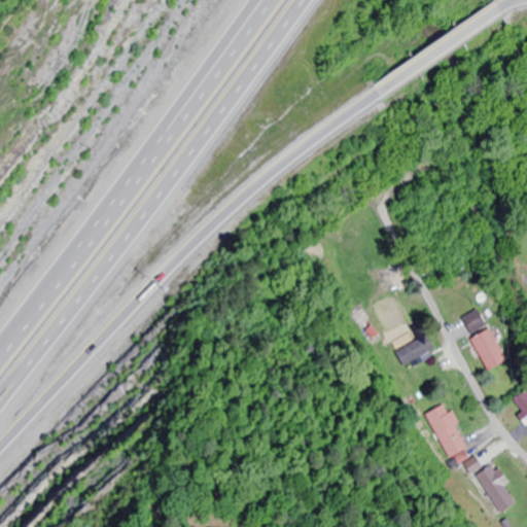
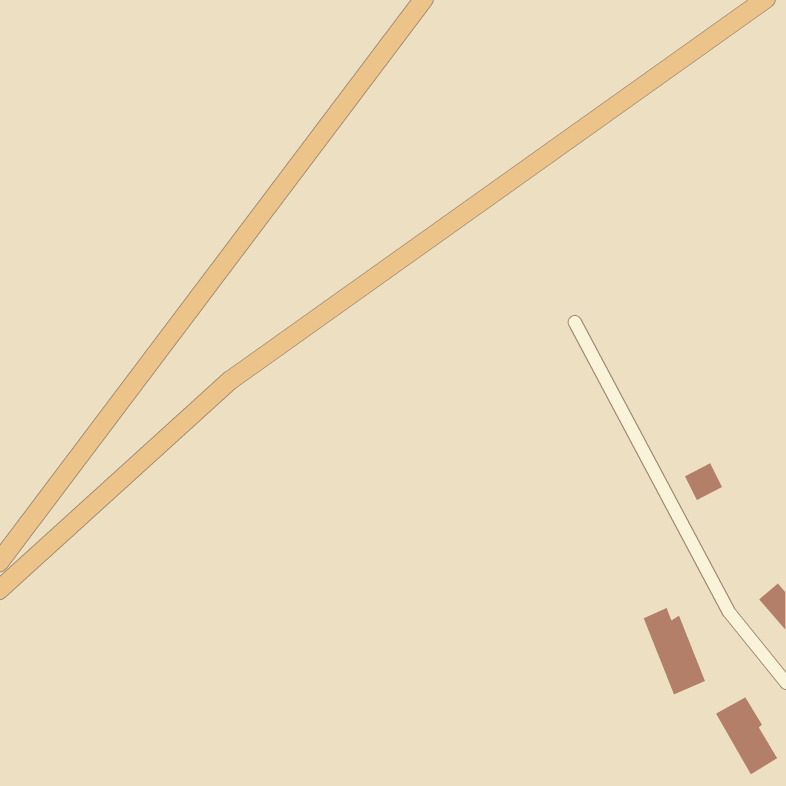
building: [465,327,502,371] -> none
building: [400,333,437,364] -> none

